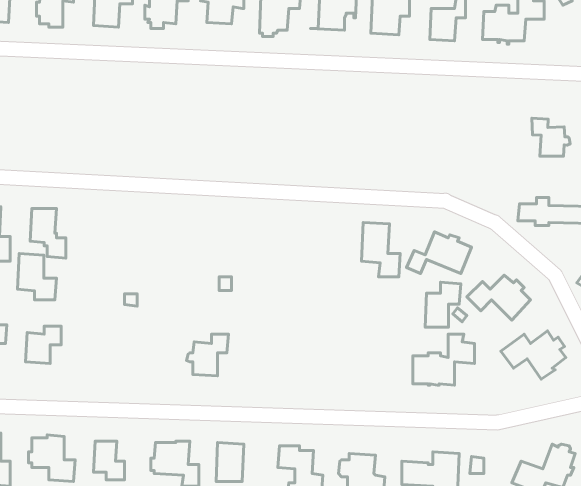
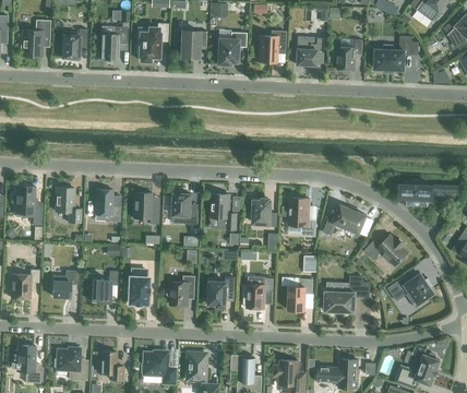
building: [532,118,570,156] -> none
building: none -> [172,191,199,224]
building: none -> [133,192,159,224]
building: none -> [211,194,237,229]
building: none -> [250,199,277,226]
building: [18,253,56,300] -> [94,189,121,222]
building: [425,282,461,327] -> [288,278,313,310]
building: none -> [124,270,148,303]
building: none -> [91,271,118,301]
building: none -> [205,277,235,307]
building: none -> [243,278,273,309]

